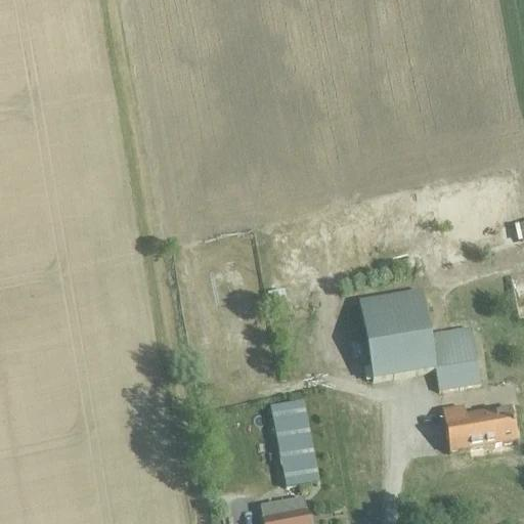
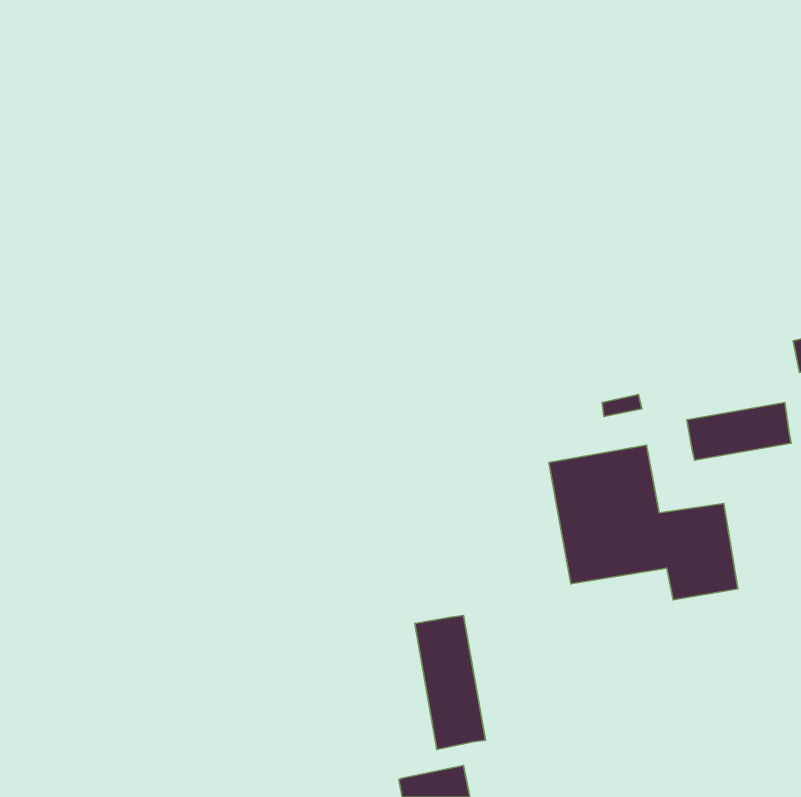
building: none -> [687,402,791,460]
building: [443,404,519,450] -> none

